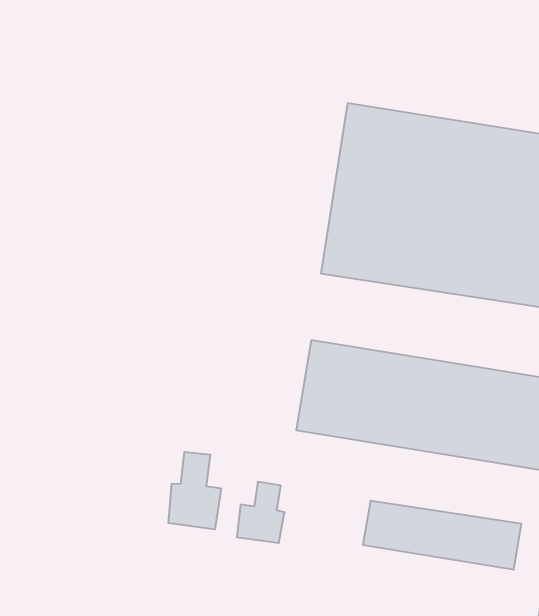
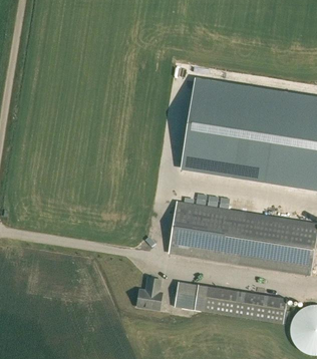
building: [168,452,221,529] -> none
building: none -> [174,281,207,309]

